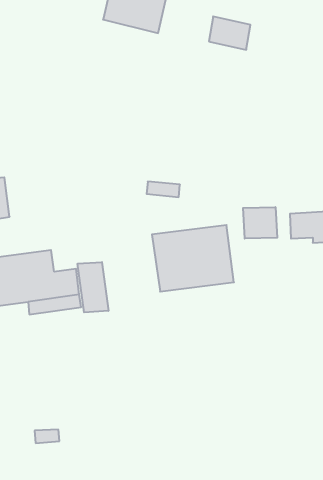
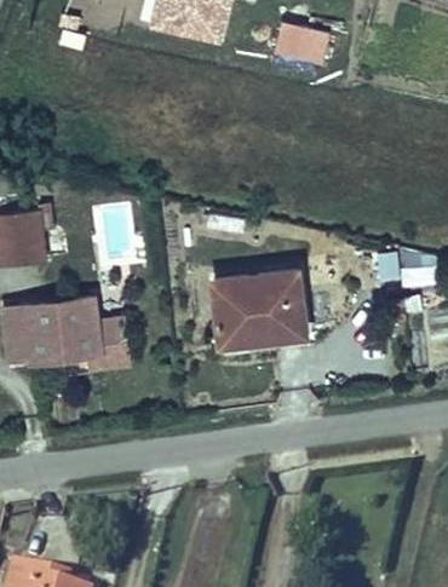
building: [243,207,277,239] -> none
building: [78,262,108,312] -> none

